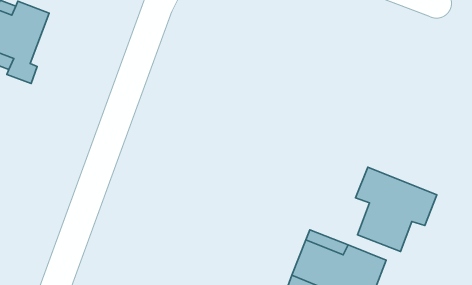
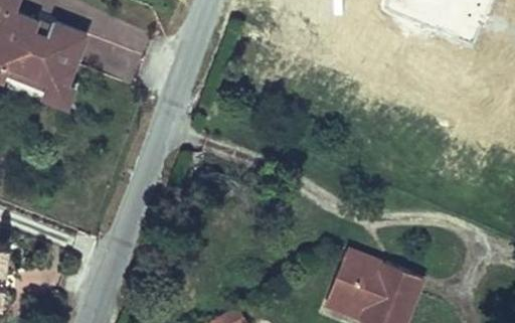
building: [356,167,437,252] -> none

